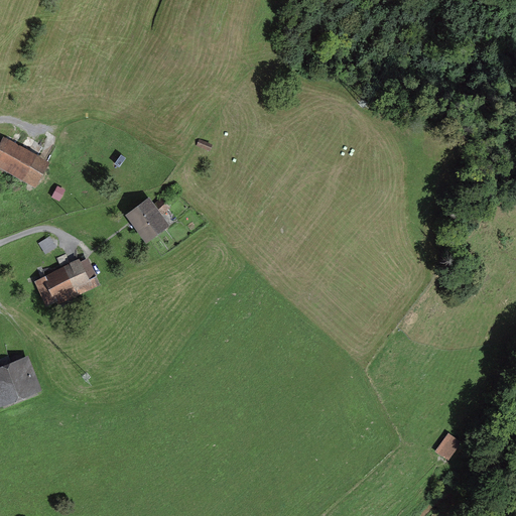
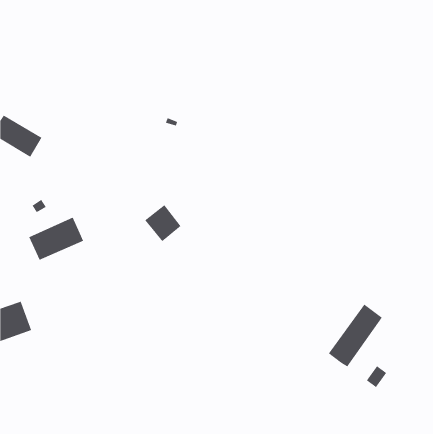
building: [124,198,168,243] -> [144,204,182,242]
building: none -> [328,304,383,367]

